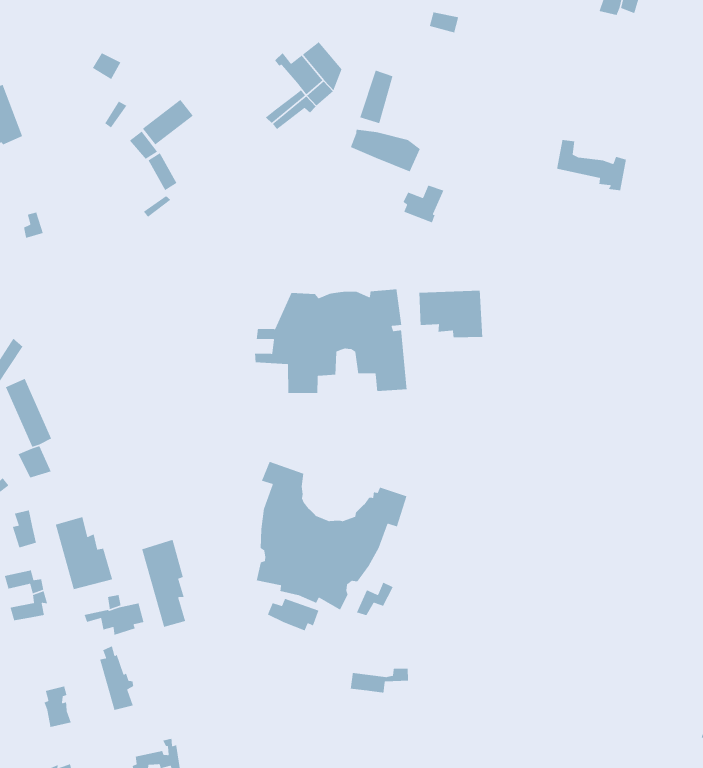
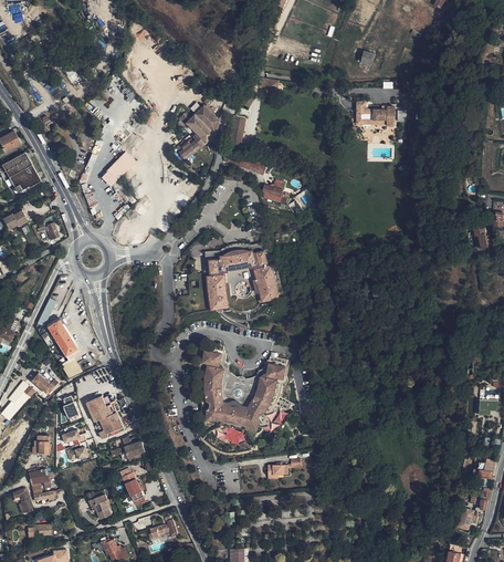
building: [556,139,627,191] -> [357,100,397,125]
building: [418,290,483,338] -> none
building: [141,539,186,628] -> none

